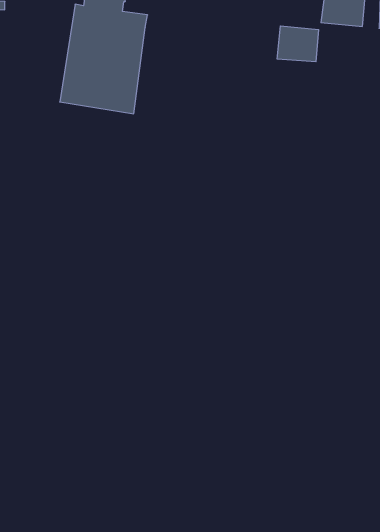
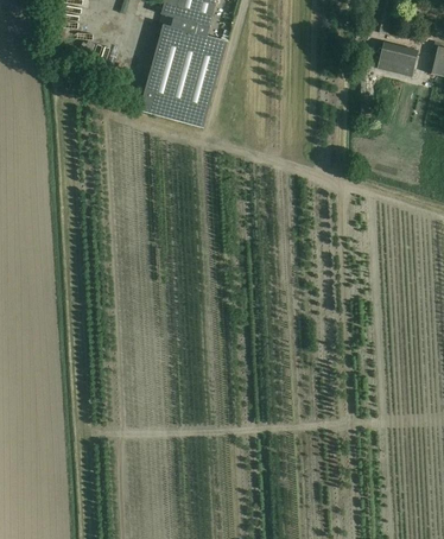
building: [277,26,319,62] -> none

